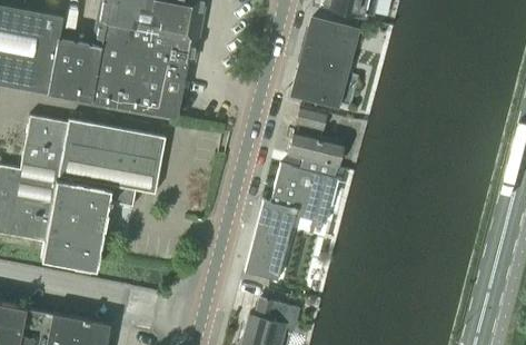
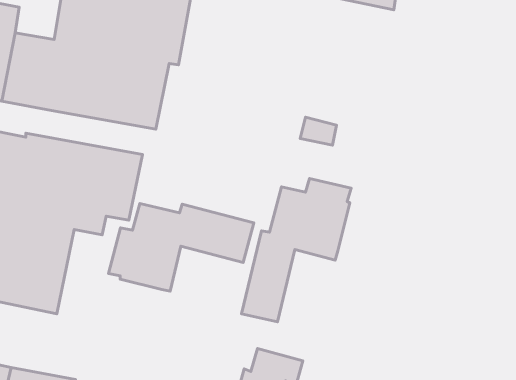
building: [292,19,358,108] -> none
building: [288,130,344,166] -> none
building: none -> [108,204,254,291]

